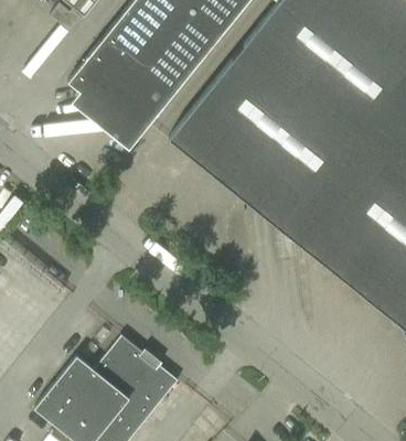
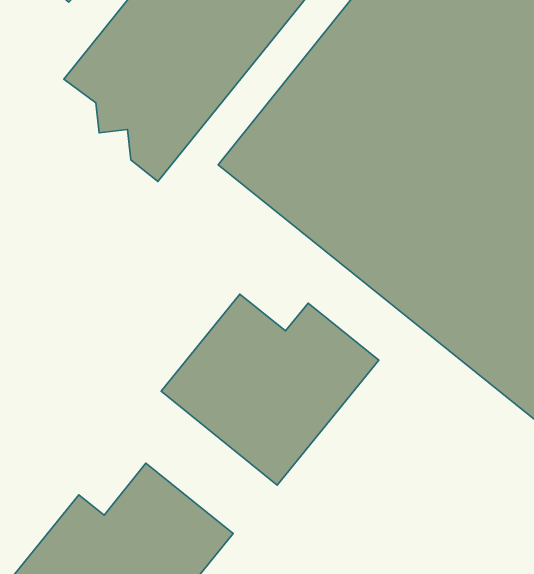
building: none -> [161,294,379,485]

